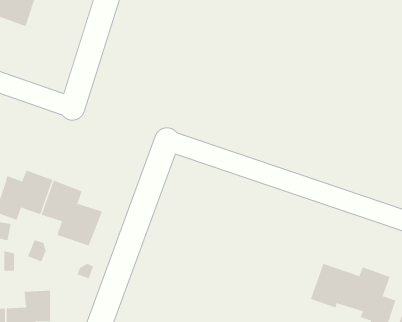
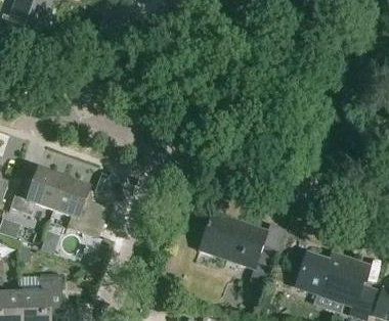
building: none -> [199,212,275,284]

